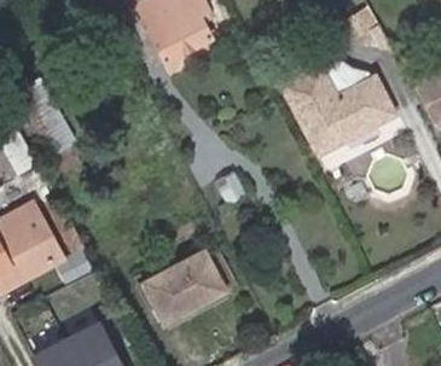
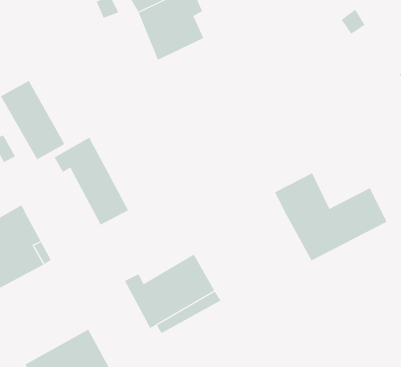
building: [283,65,394,152] -> [274,173,388,261]
building: none -> [54,137,129,225]

